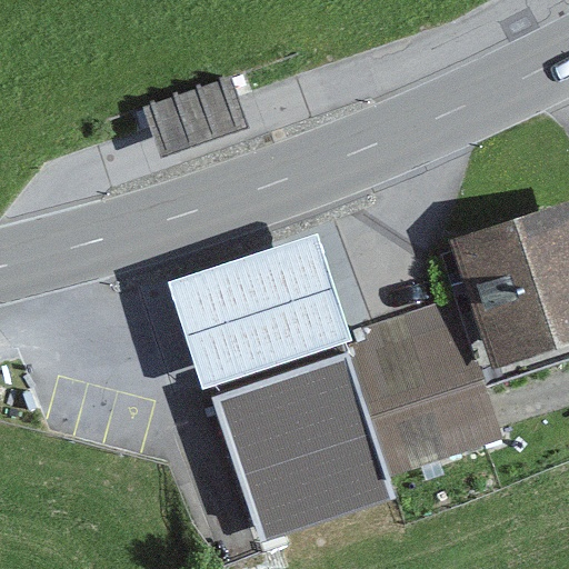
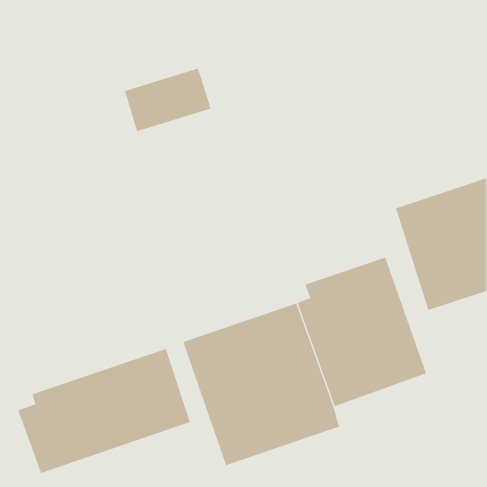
building: [173,240,347,382] -> none
building: none -> [18,348,191,474]

